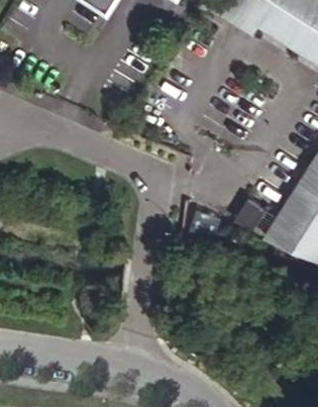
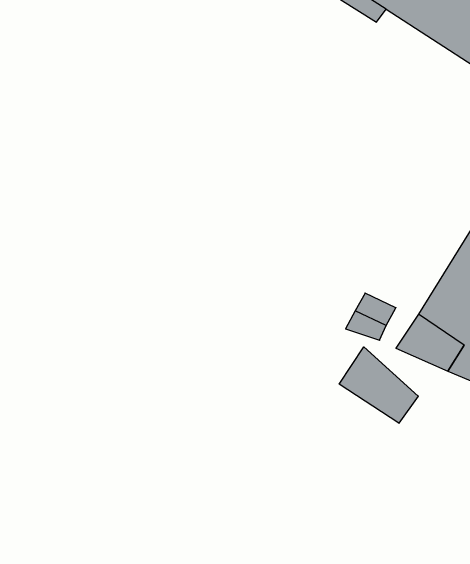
building: none -> [339,347,418,423]

